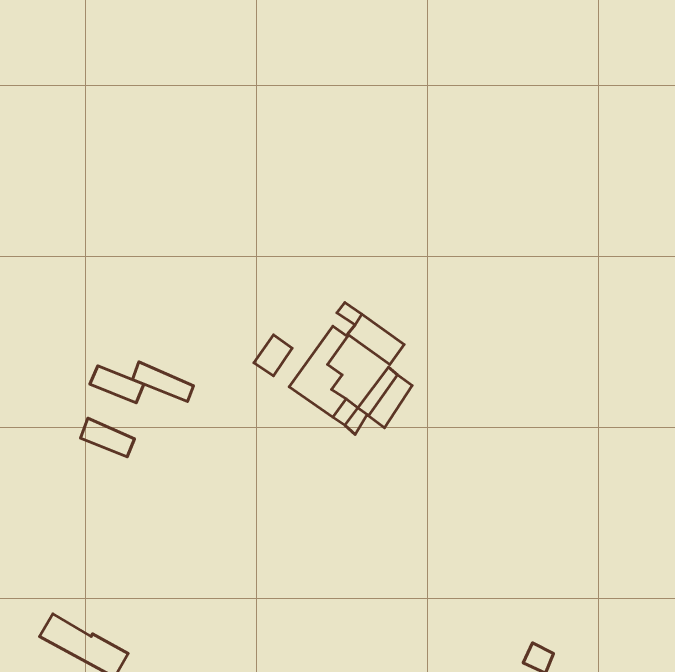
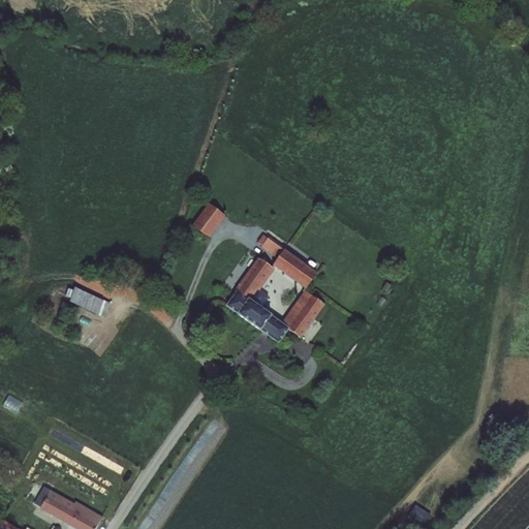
building: [254,335,292,376] -> [192,205,222,237]
building: [133,362,194,401] -> none
building: [80,418,134,457] -> none

